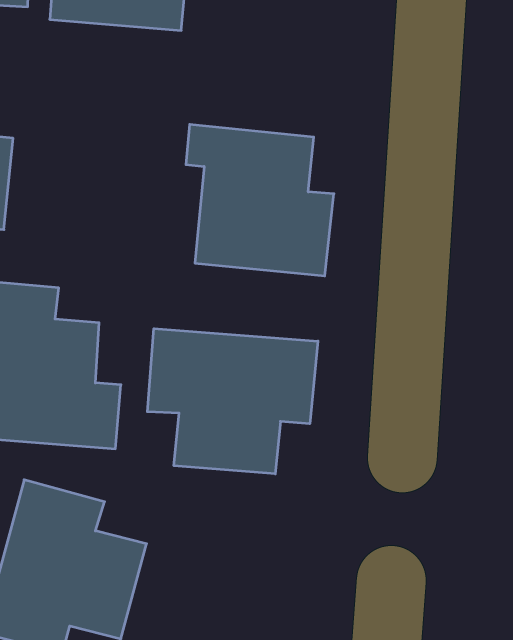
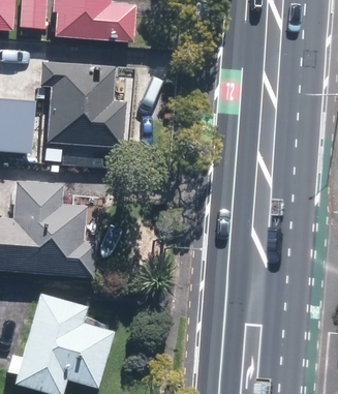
building: [186,124,334,276] -> [42,62,126,148]
building: [147,329,318,474] -> none

